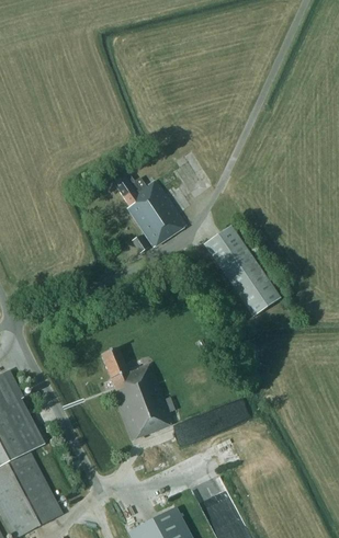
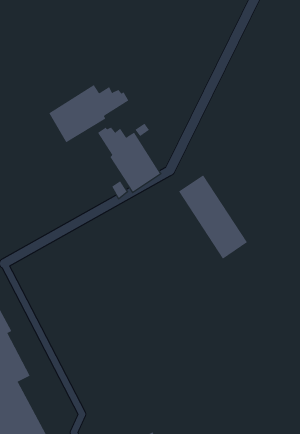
building: none -> [48,84,129,143]
building: [100,346,172,438] -> none

